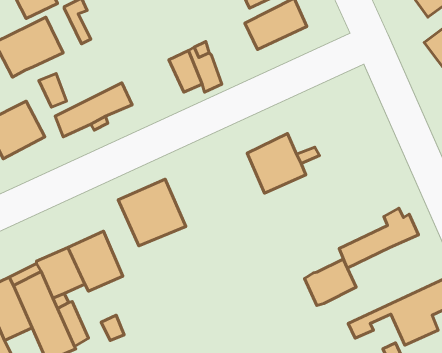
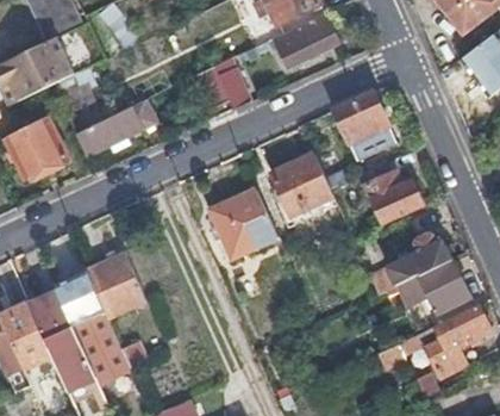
building: none -> [332,92,395,161]
building: none -> [357,161,424,221]
building: [118,179,186,246] -> [207,187,277,256]
building: none -> [421,256,470,309]
building: [305,259,356,306] -> none

